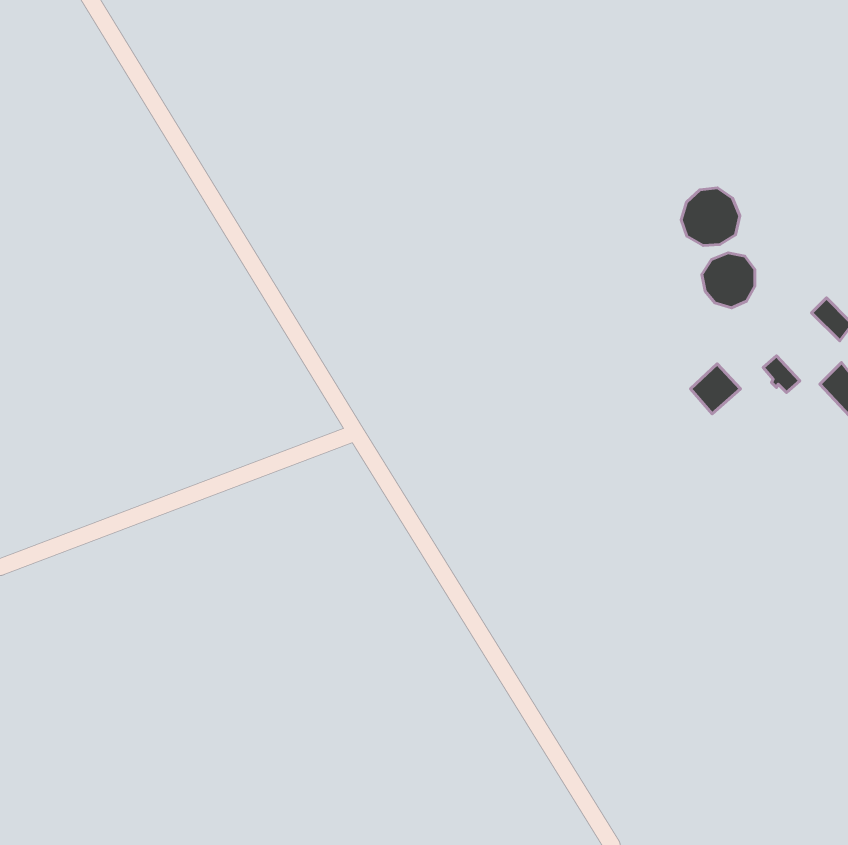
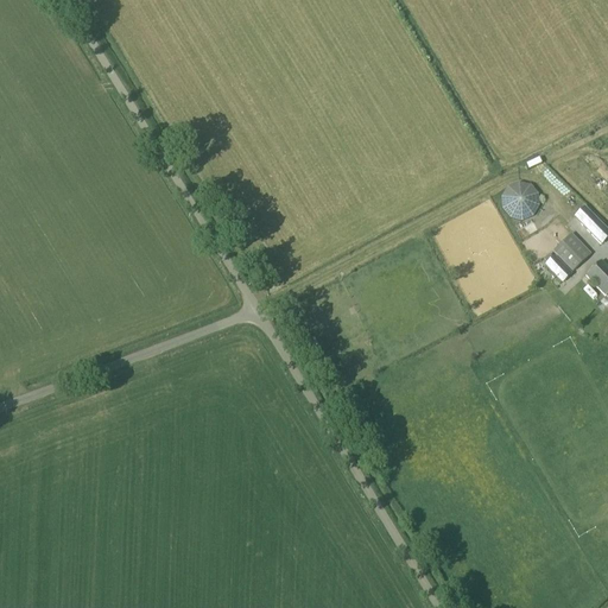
building: [681,188,740,245] -> none
building: [691,364,741,414] -> [555,234,590,270]

